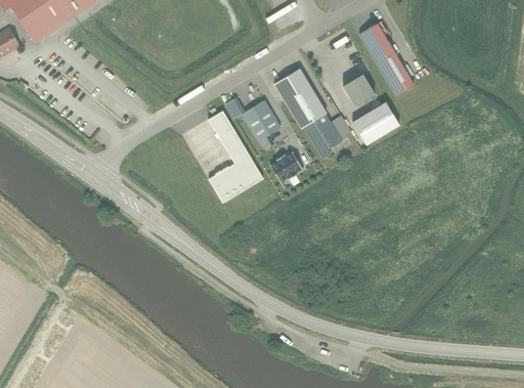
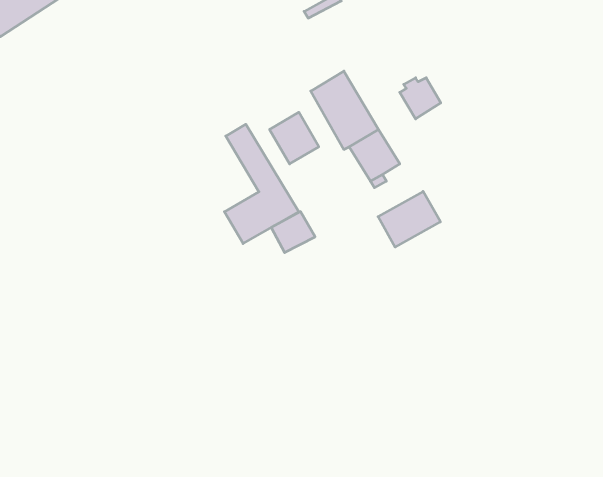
building: [359,23,414,95] -> none
building: [350,102,398,145] -> [378,191,440,247]
building: [268,149,302,181] -> [271,212,315,253]

